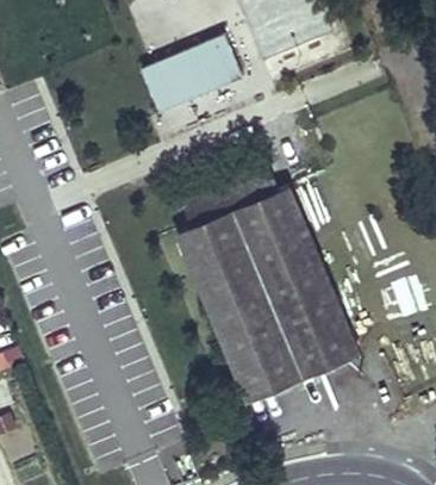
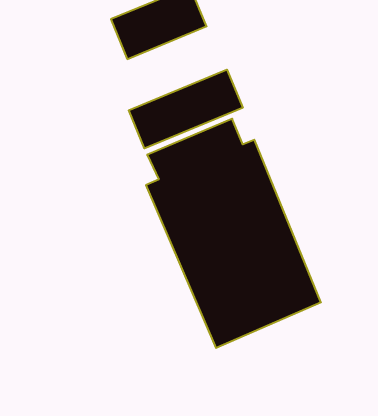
building: none -> [129,70,243,148]

